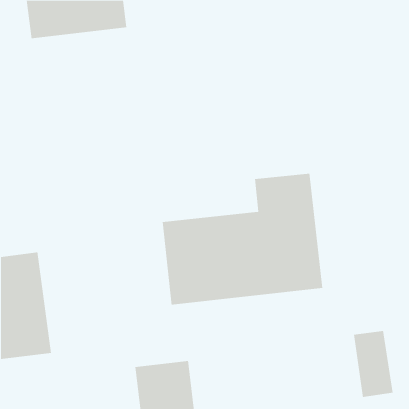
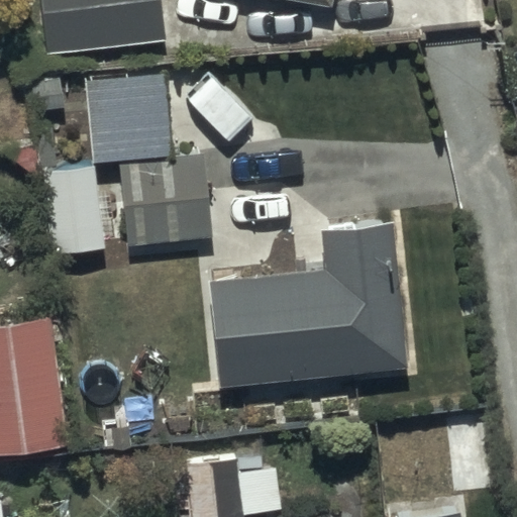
building: none -> [43,68,212,256]

